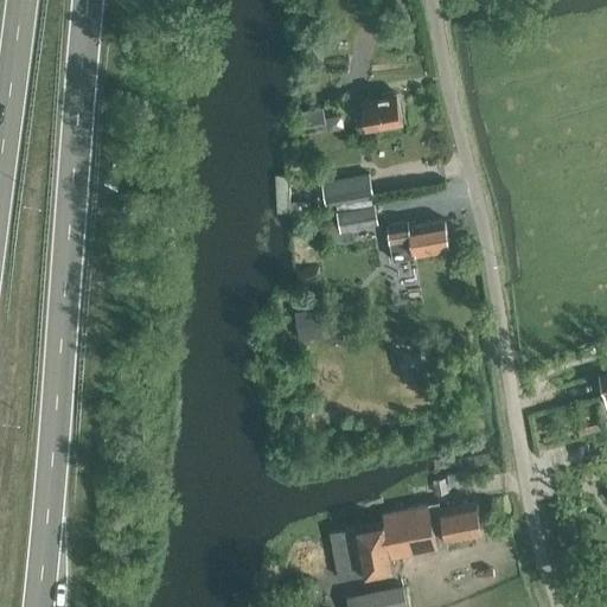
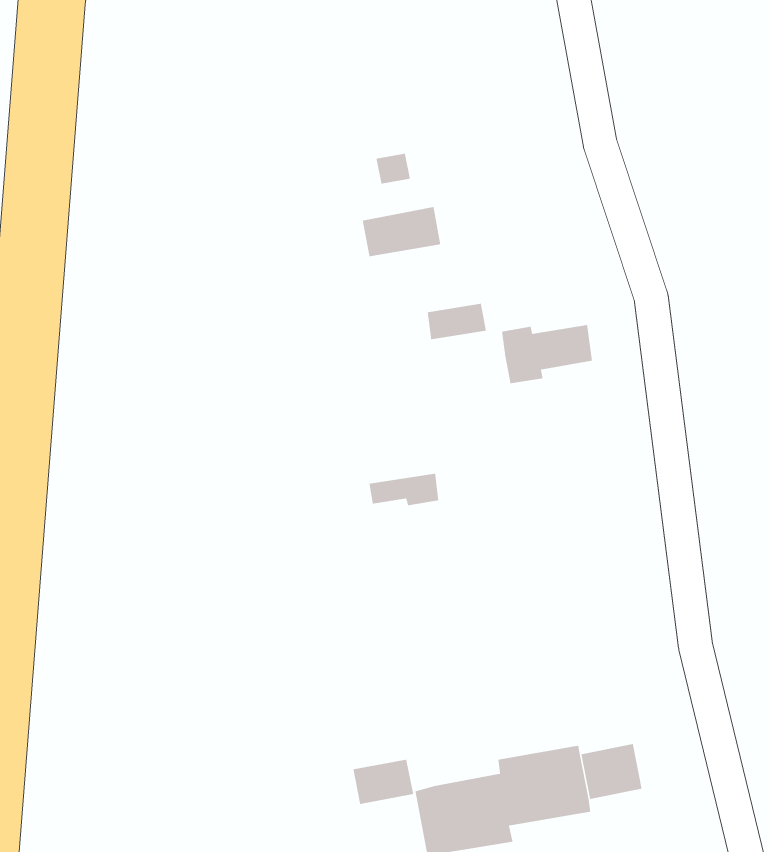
building: [360,96,401,130] -> none
building: [320,173,373,207] -> [362,206,441,257]
building: none -> [352,759,414,805]

